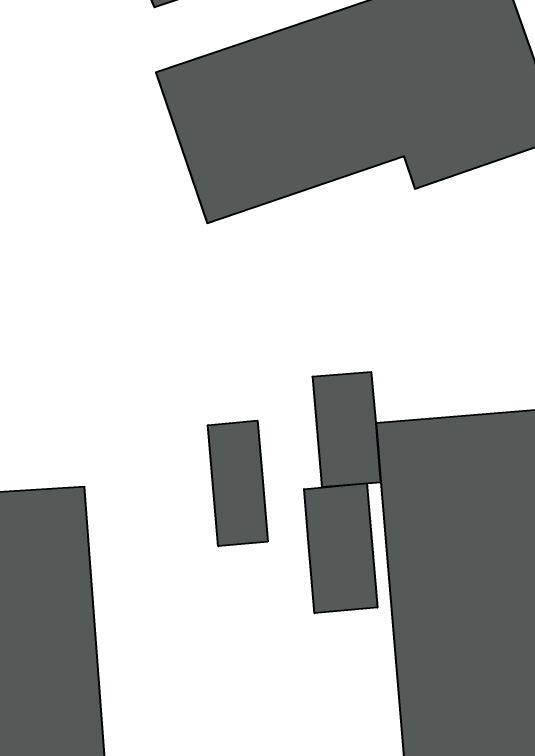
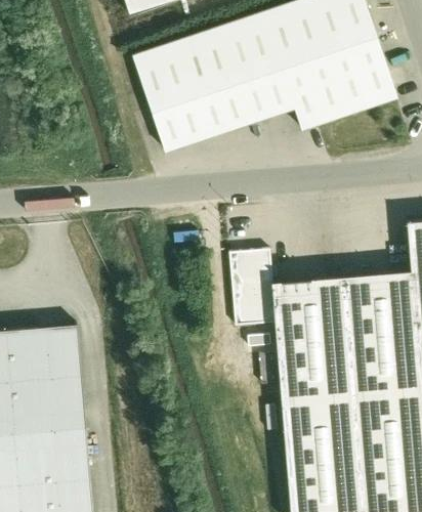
building: [208,421,268,546] -> none
building: [304,483,377,613] -> none

